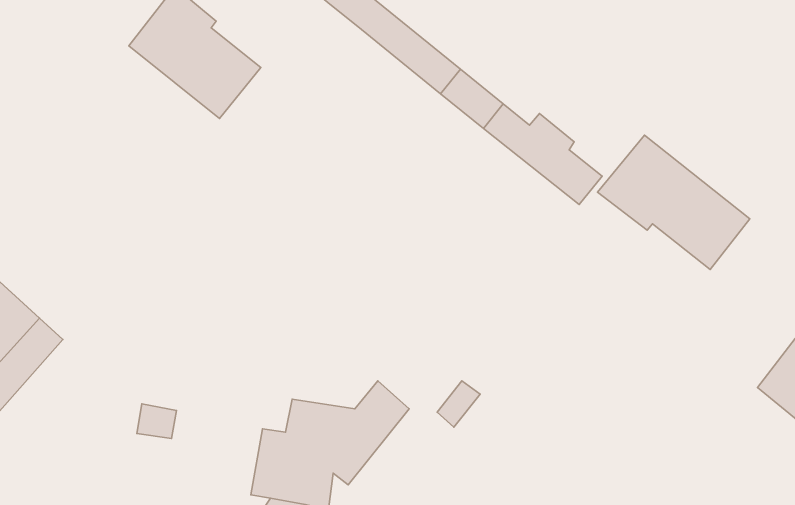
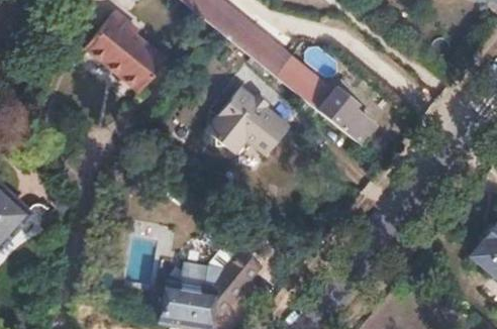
building: none -> [207,85,290,152]
building: [597,135,750,270] -> none

